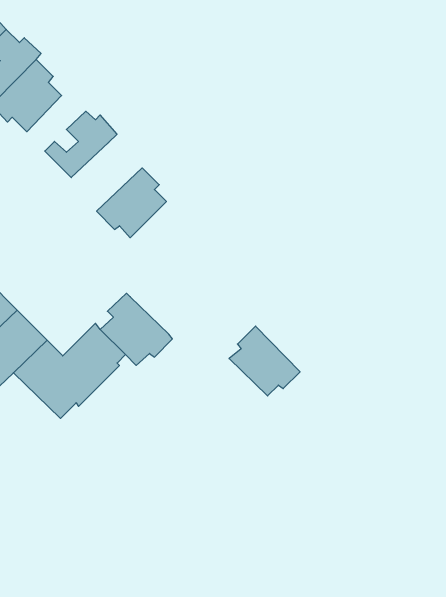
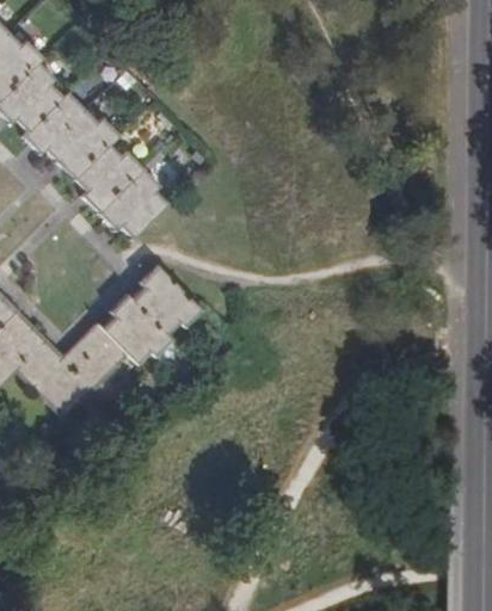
building: none -> [23,92,86,155]
building: none -> [72,143,142,211]
building: [229,326,300,396] -> [130,264,201,333]

